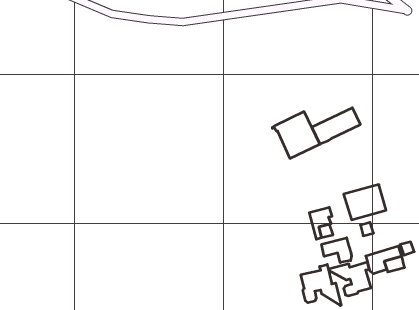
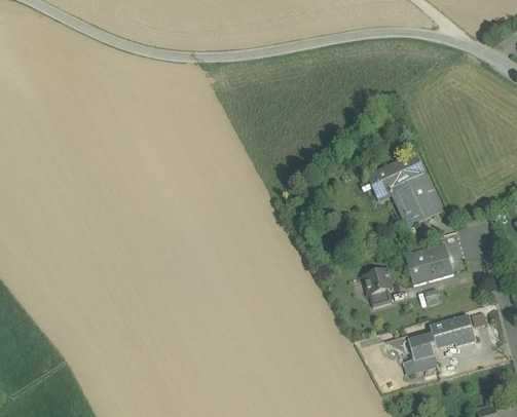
building: [272,112,320,158] -> [386,173,442,227]
building: [322,238,351,263] -> none
building: [301,264,341,306] -> none

